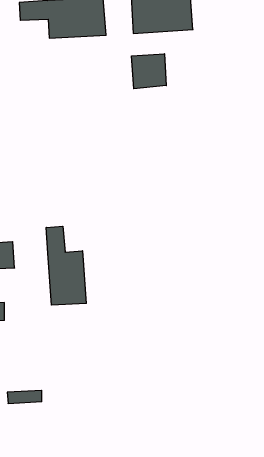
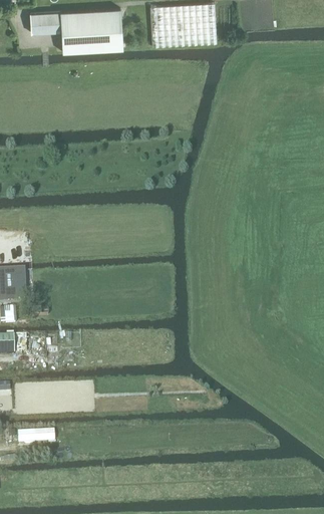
building: [132,54,166,89] -> none
building: [46,226,86,305] -> none

